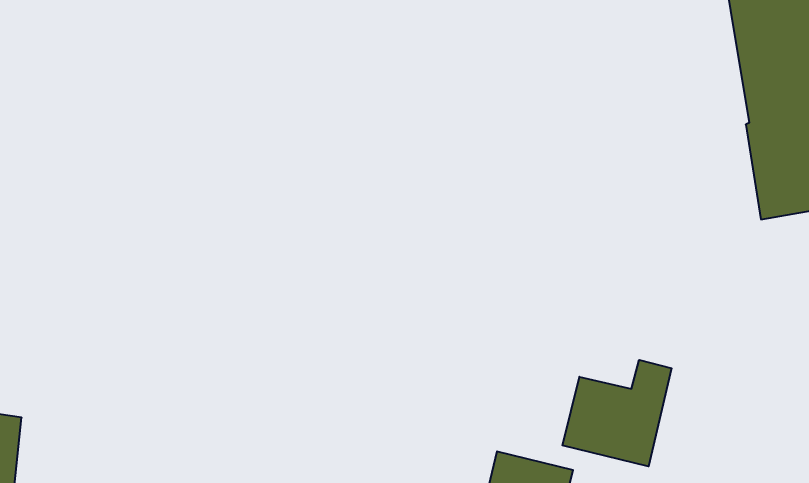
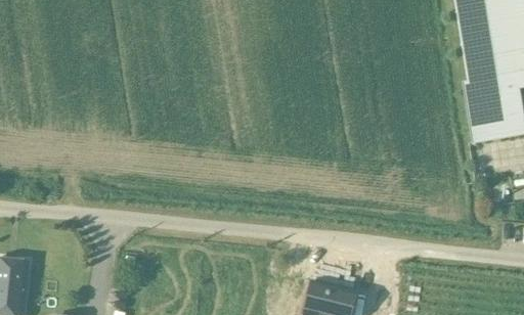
building: [562,360,672,466] -> none

